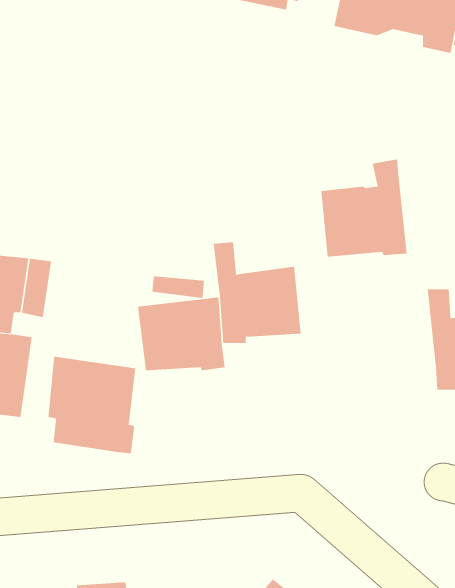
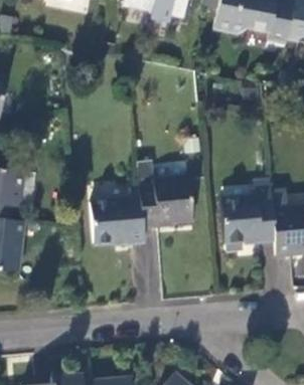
building: [320,159,407,257] -> [221,182,276,243]
building: [48,356,136,454] -> none

